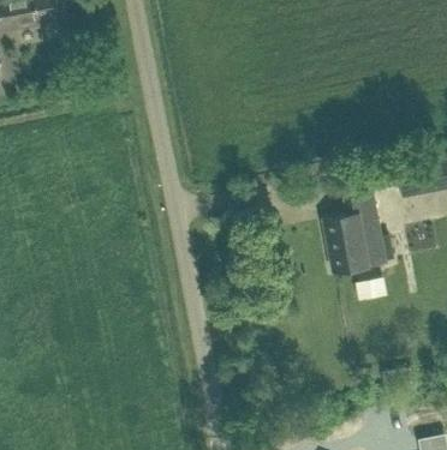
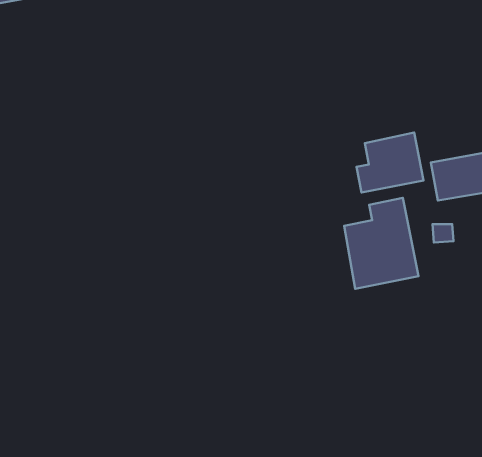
building: none -> [357,133,423,193]

